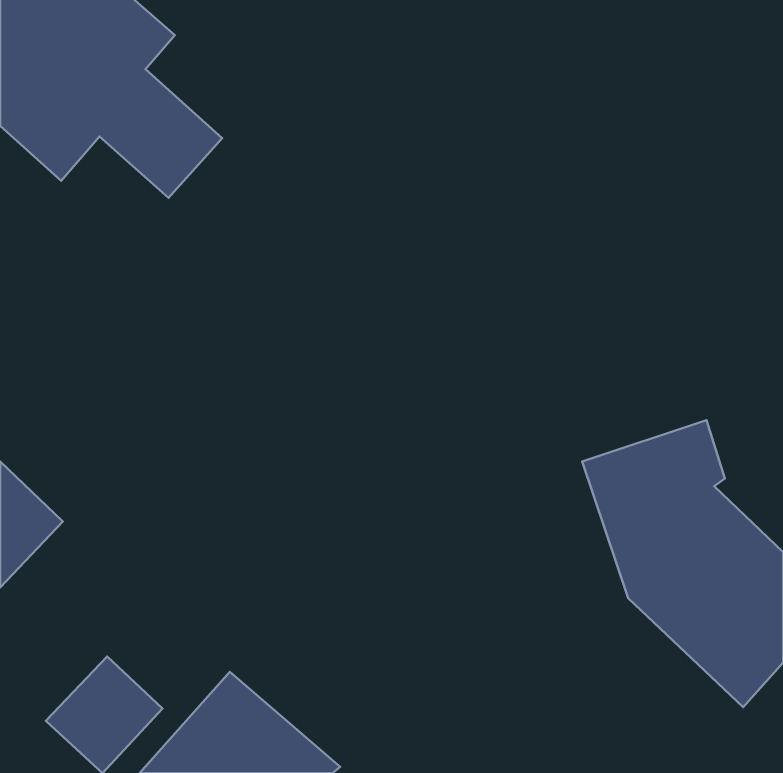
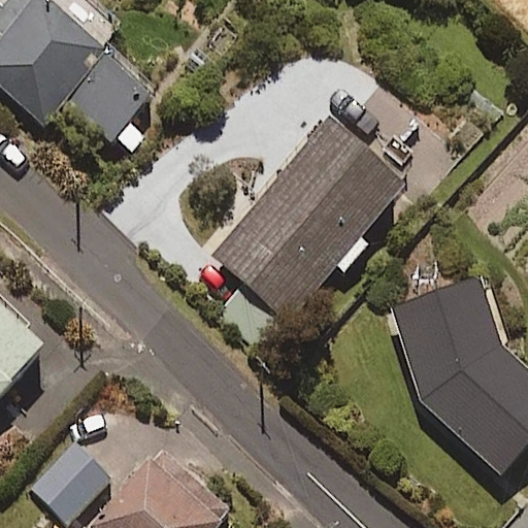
building: none -> [211,122,403,320]

